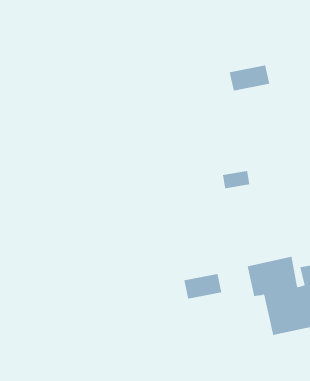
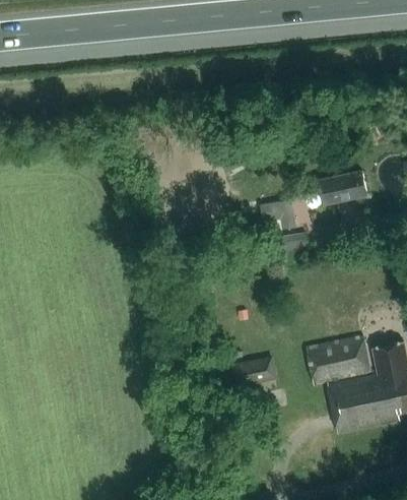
building: [229,65,270,91] -> [319,172,369,204]
building: none -> [259,199,294,230]

